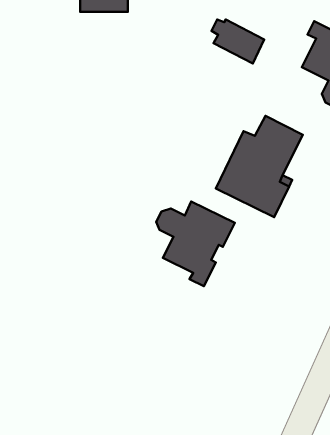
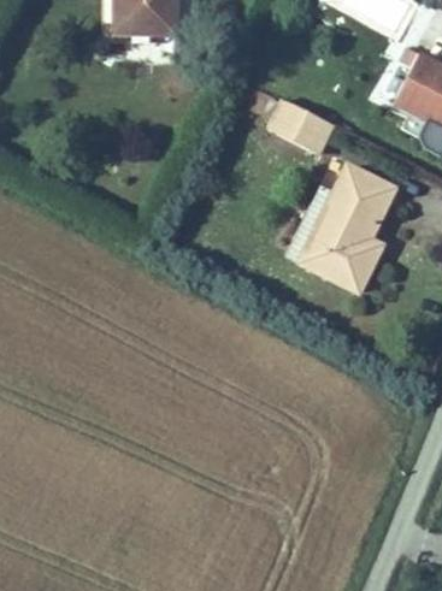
building: [212,19,264,63] -> [266,100,332,155]
building: [156,201,235,286] -> none

